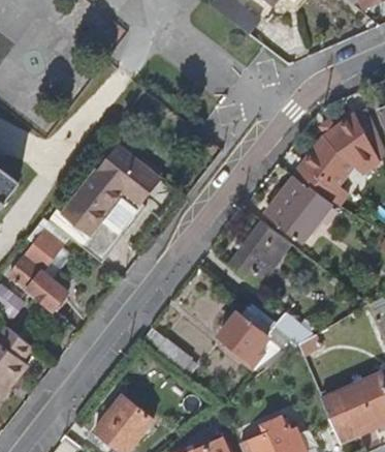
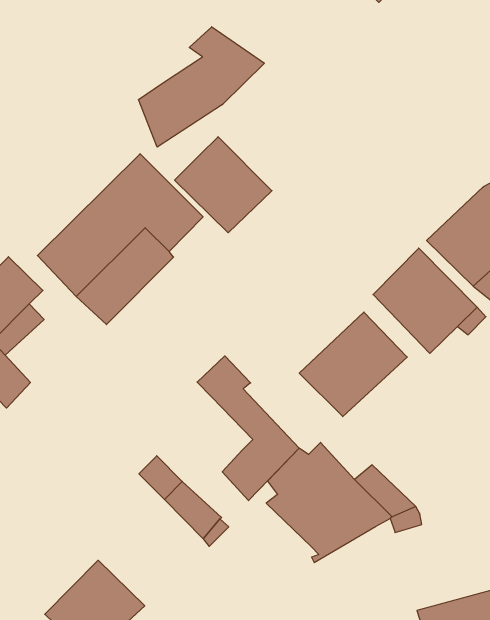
building: none -> [139,27,264,147]
building: none -> [175,137,272,233]
building: none -> [197,356,299,501]

